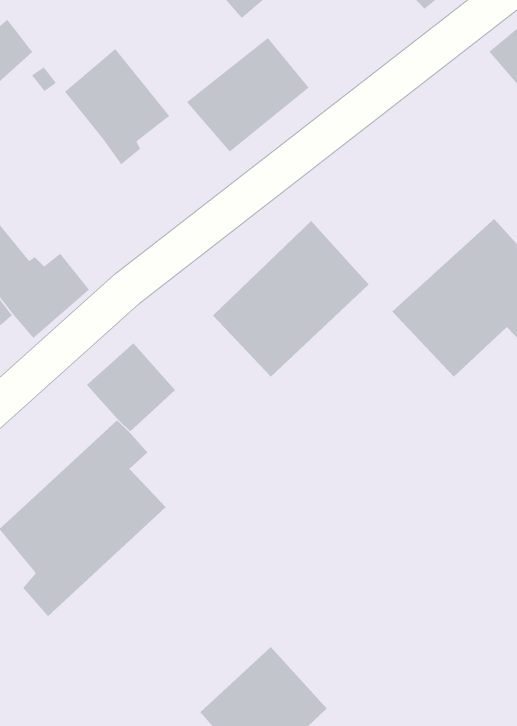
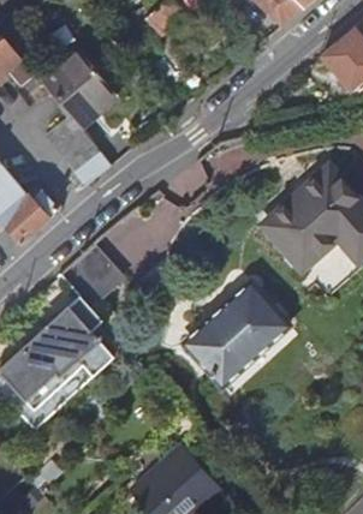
building: [186,37,310,153] -> none
building: none -> [44,113,97,169]
building: [212,220,370,378] -> [181,283,285,387]

